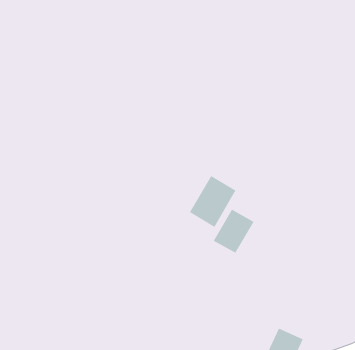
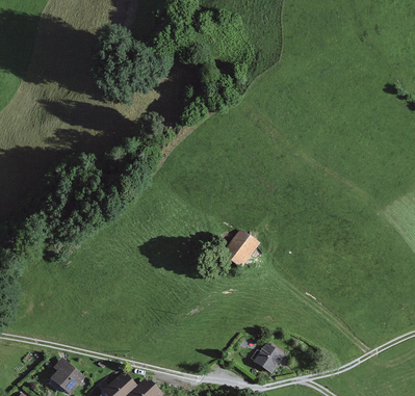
building: [189,175,236,228] -> none

